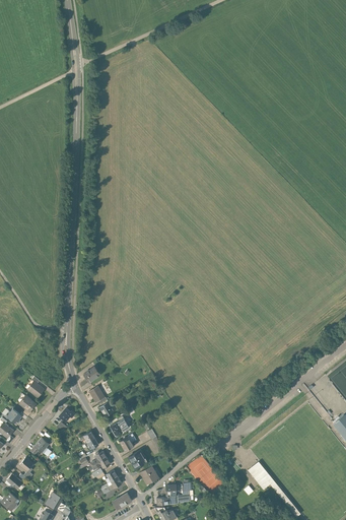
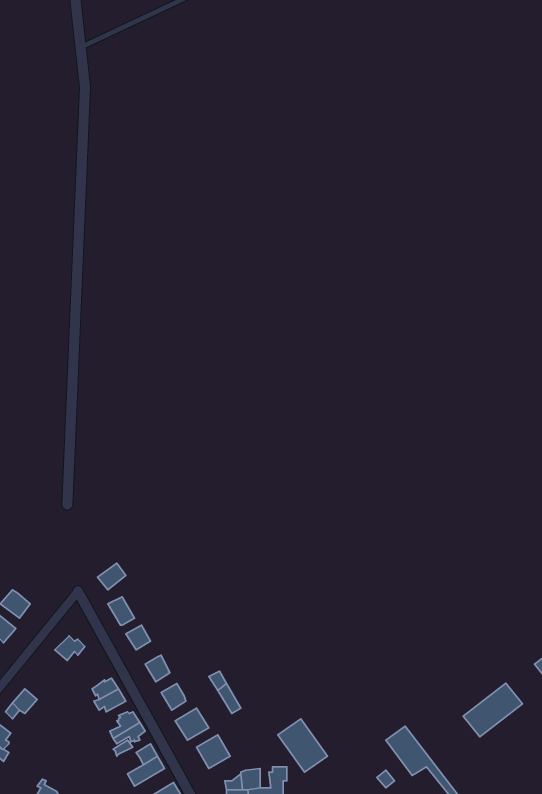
building: none -> [463,683,522,737]

